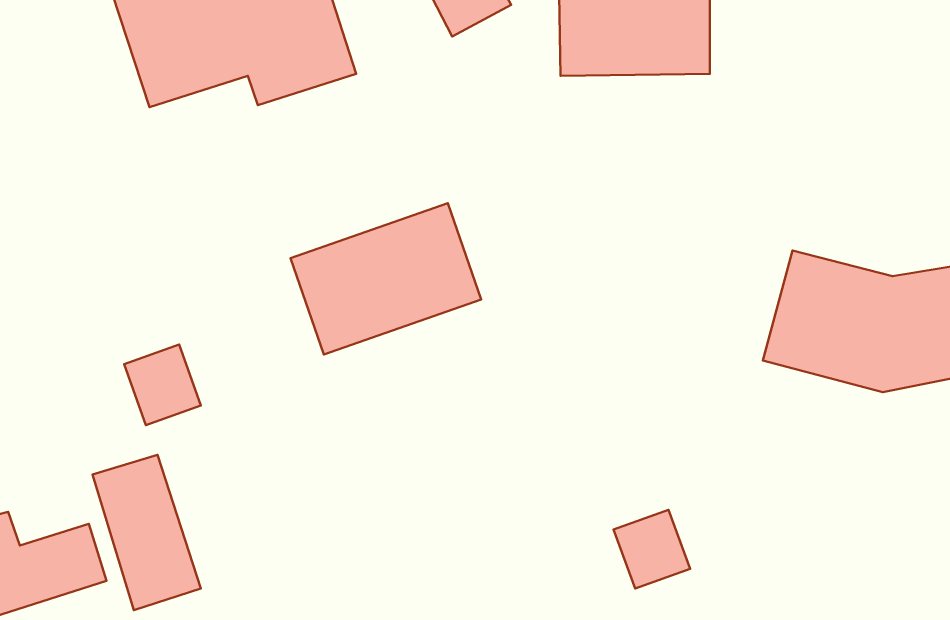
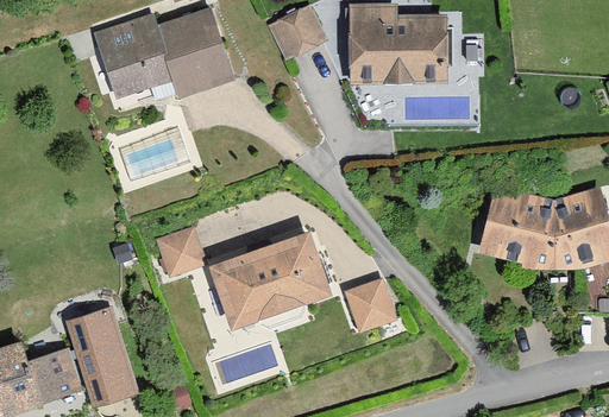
building: [291,203,481,354] -> [214,234,329,326]
building: [124,345,201,425] -> [159,228,206,277]
building: [614,510,690,588] -> [350,282,396,329]

